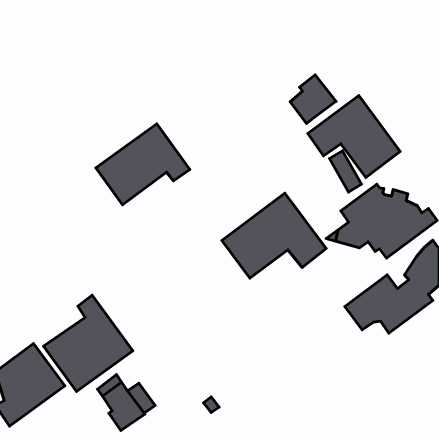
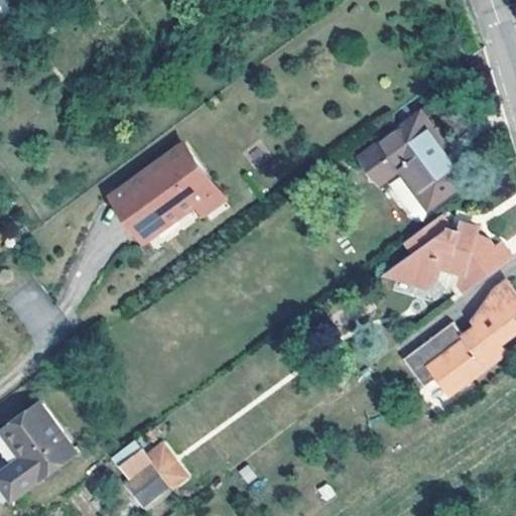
building: [290,75,336,124] -> none
building: [222,193,326,278] -> none
building: [44,295,133,392] -> none

